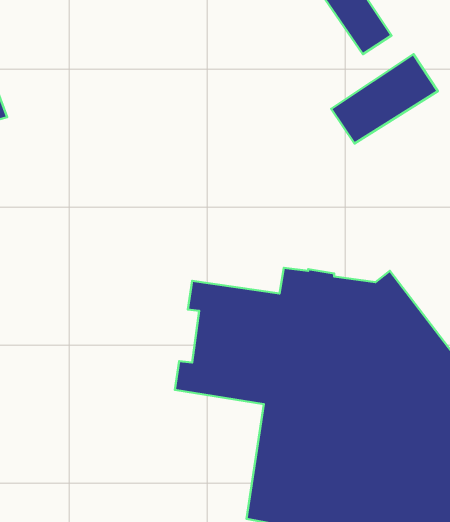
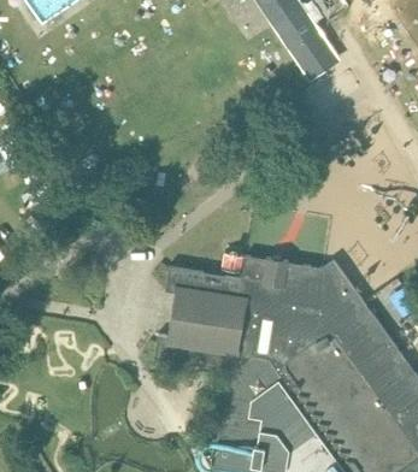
building: [331,54,438,144] -> none

